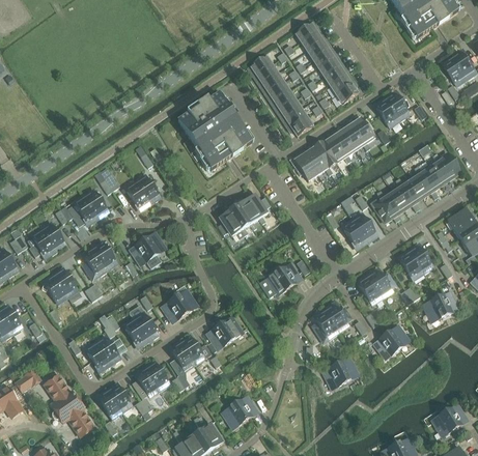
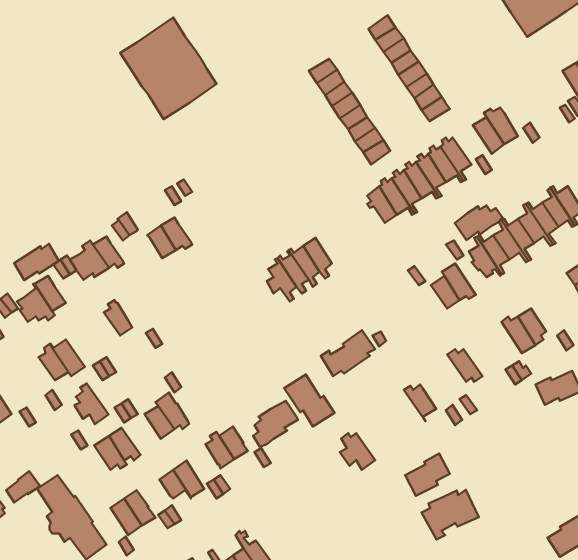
building: [177,92,251,170] -> [120,17,216,119]
building: none -> [455,206,503,240]
building: none -> [14,244,59,280]
building: [131,231,164,267] -> none
building: [82,246,108,277] -> [75,383,109,424]
building: [368,269,395,297] -> none
building: [162,291,197,320] -> none
building: none -> [284,374,335,427]
building: [312,311,339,339] -> [340,433,375,470]
building: [375,324,407,359] -> none
building: none -> [421,490,479,539]
building: [223,395,256,428] -> none

